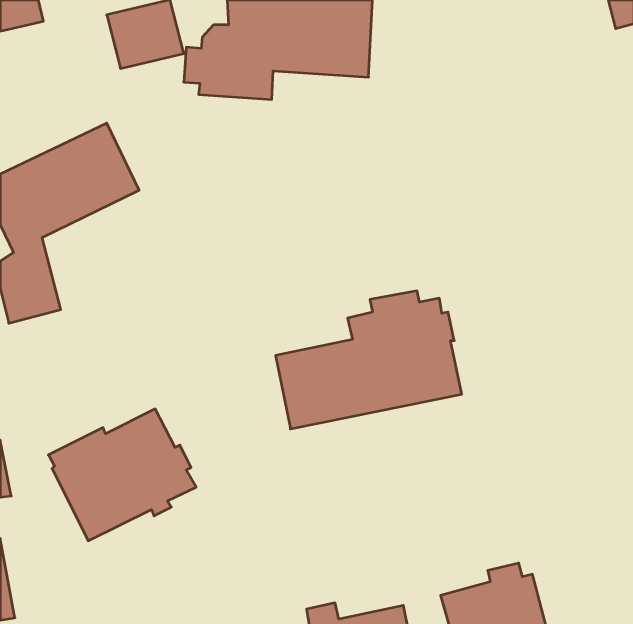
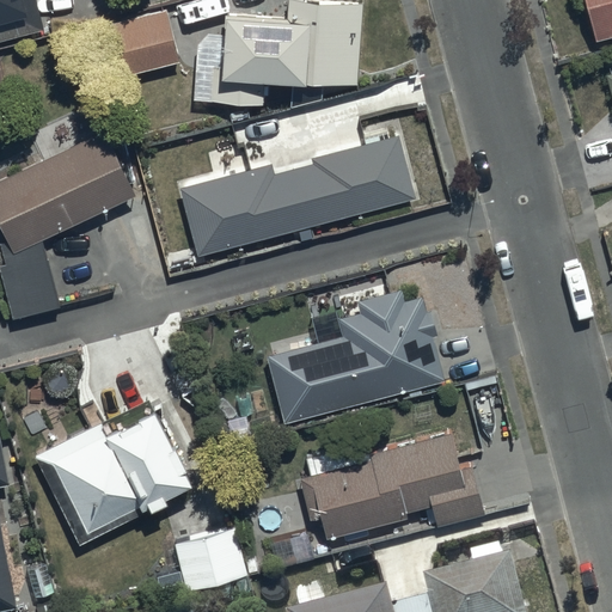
building: none -> [179,139,411,253]
building: none -> [298,434,483,539]
building: none -> [172,528,247,593]

